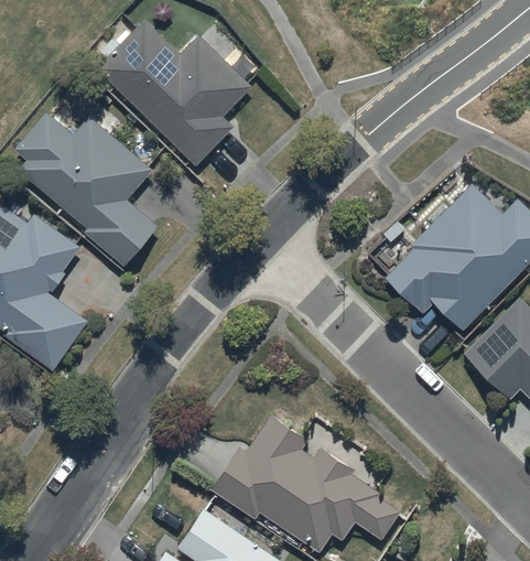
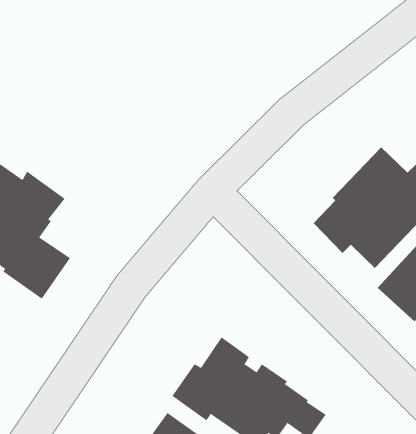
building: [98,20,253,164] -> none
building: [14,110,159,266] -> none

